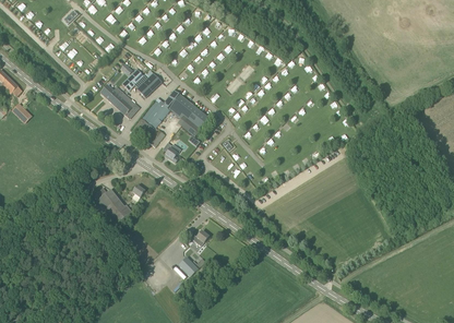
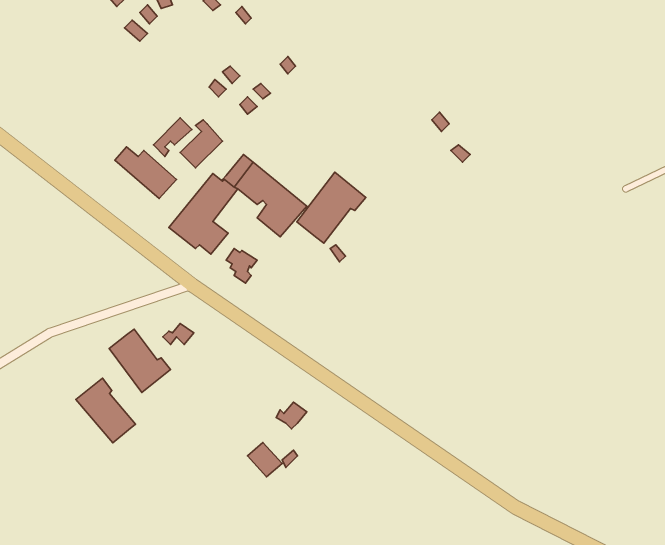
building: none -> [297,172,366,243]
building: none -> [76,378,135,443]

